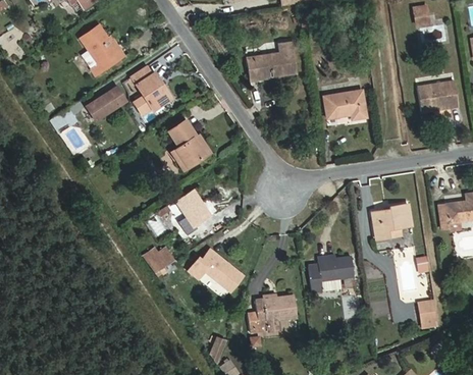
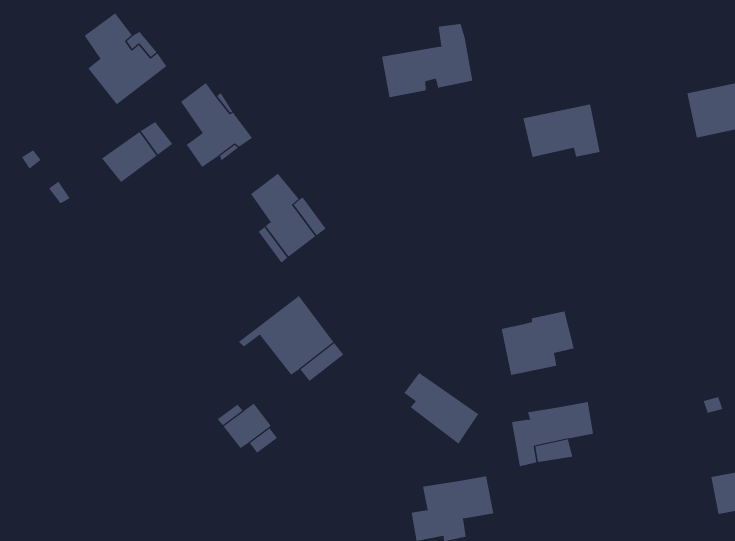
building: [371,204,412,238] -> [501,311,574,376]
building: [201,250,243,291] -> [404,372,479,444]

